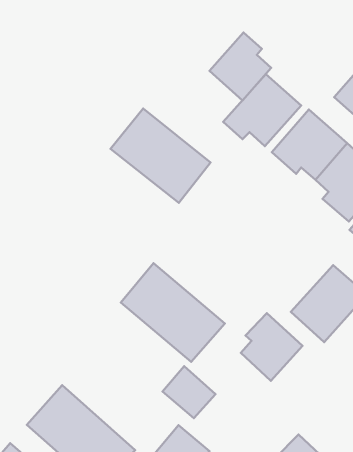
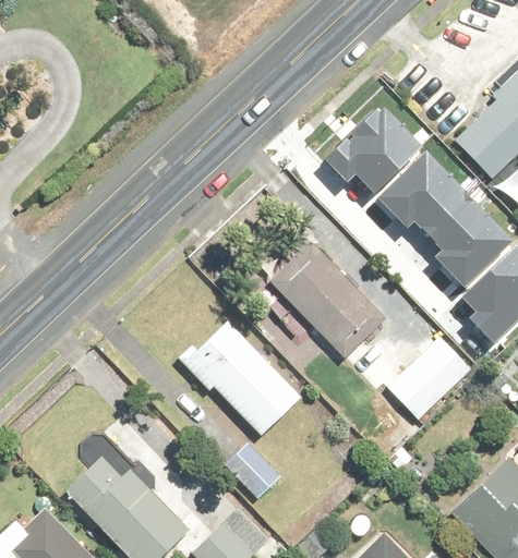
building: [210,33,271,100] -> none
building: [111,109,210,203] -> [267,242,382,354]
building: [241,313,303,381] -> none

